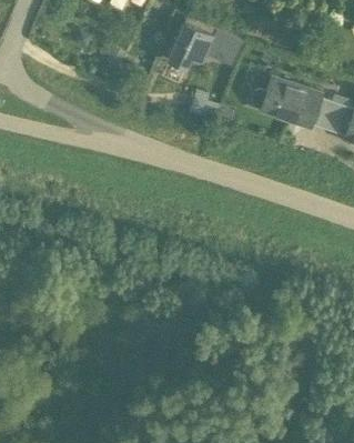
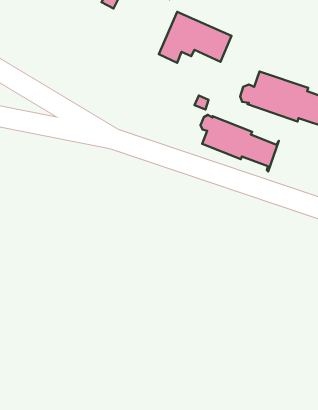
building: none -> [200,115,279,171]

